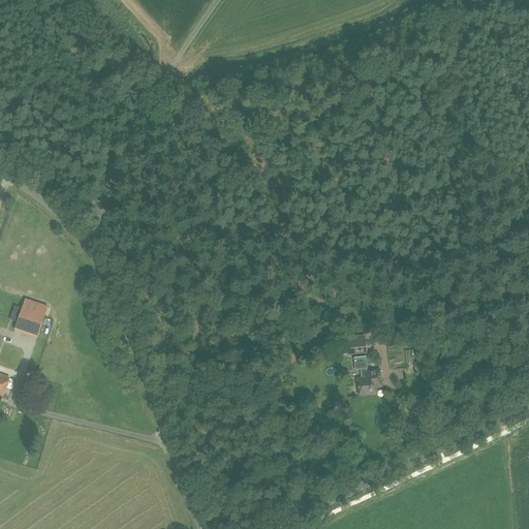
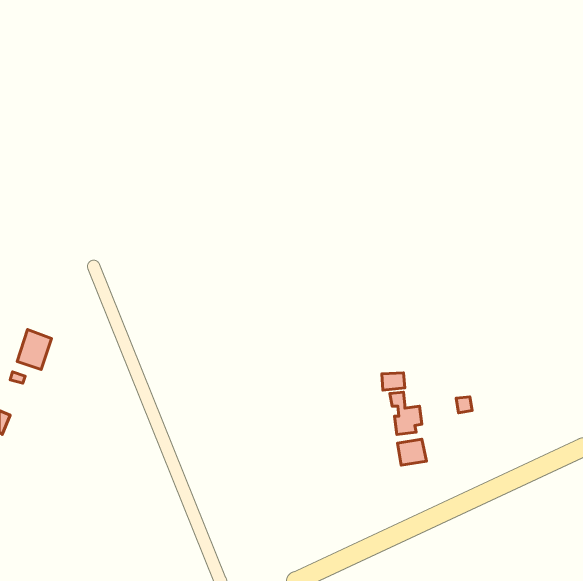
building: none -> [397,439,426,465]

